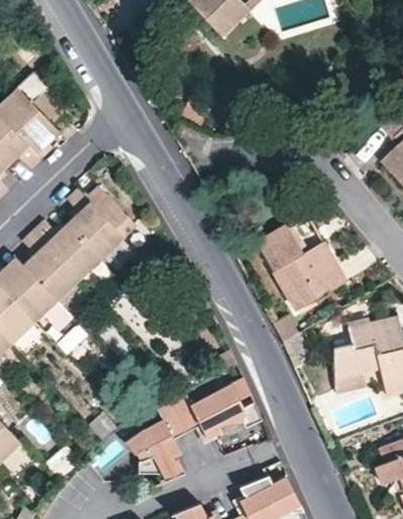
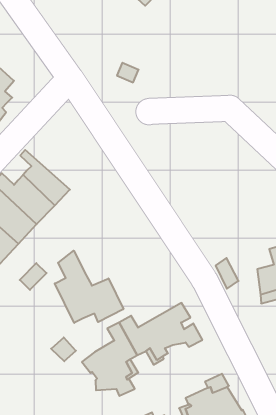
building: [71,188,138,242] -> none
building: [256,223,346,310] -> none
building: none -> [55,251,123,323]

